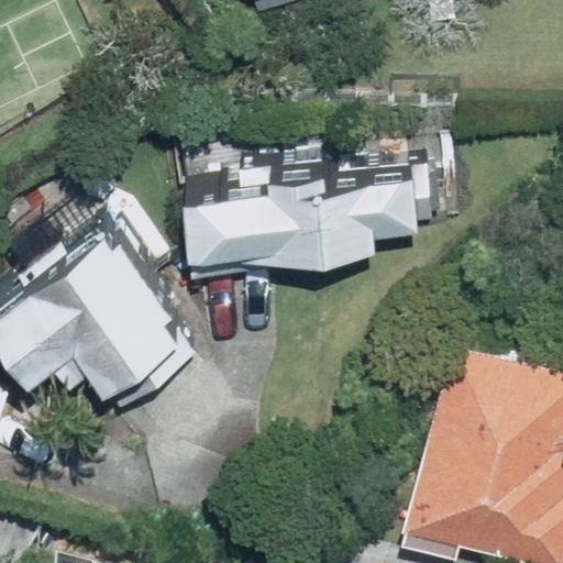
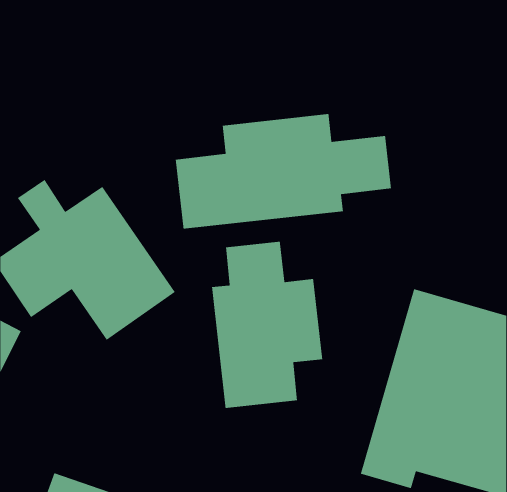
building: none -> [211,241,323,409]

